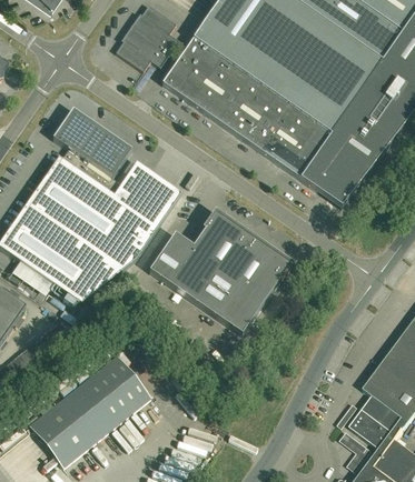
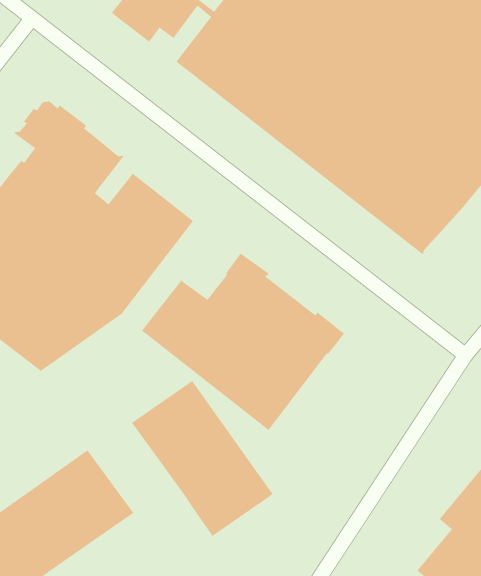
building: none -> [131,380,274,537]

